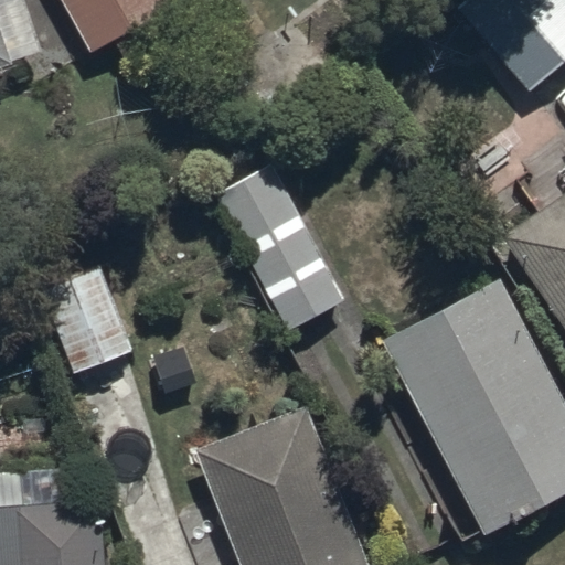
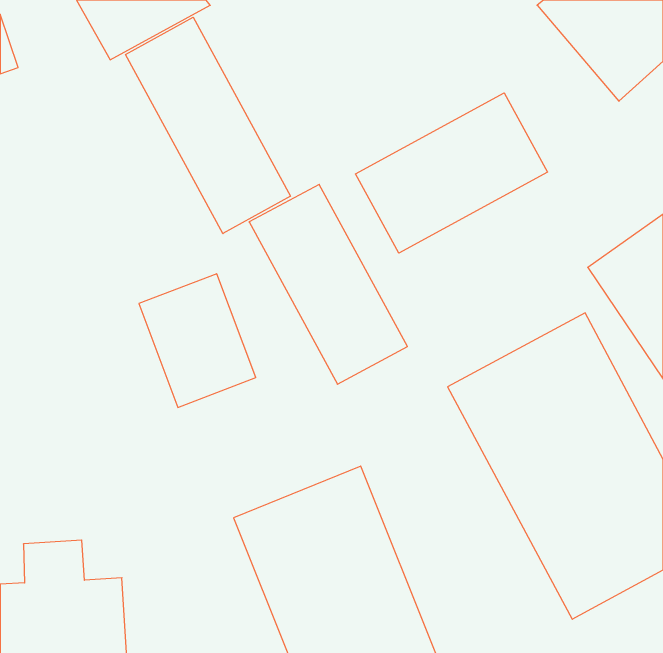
building: none -> [126,17,290,234]
building: none -> [355,93,548,253]
building: [34,265,134,379] -> [139,274,256,407]

